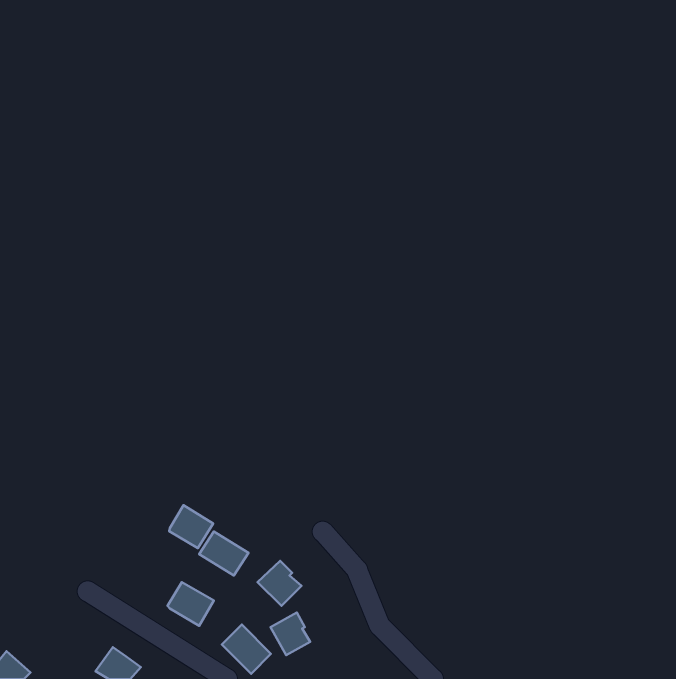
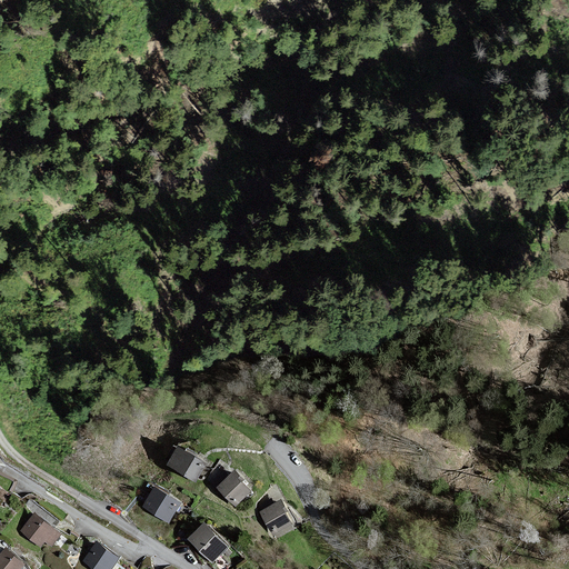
building: [169,505,213,548] -> none
building: none -> [19,511,62,547]
building: [270,613,310,655] -> [259,498,292,533]

